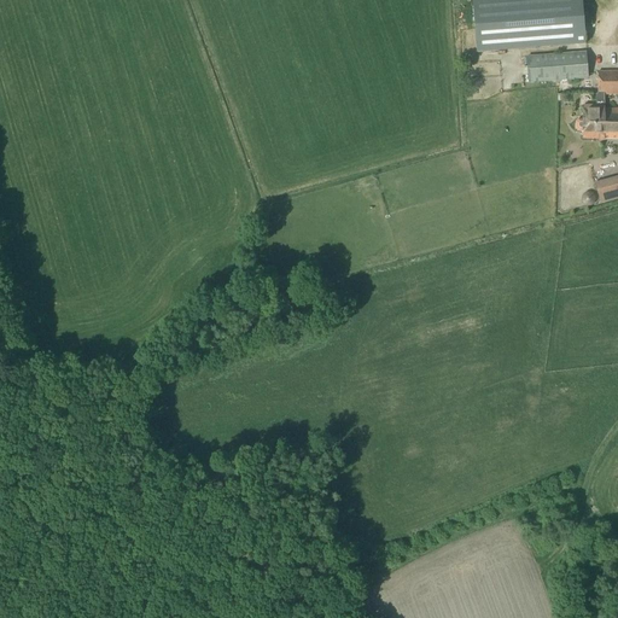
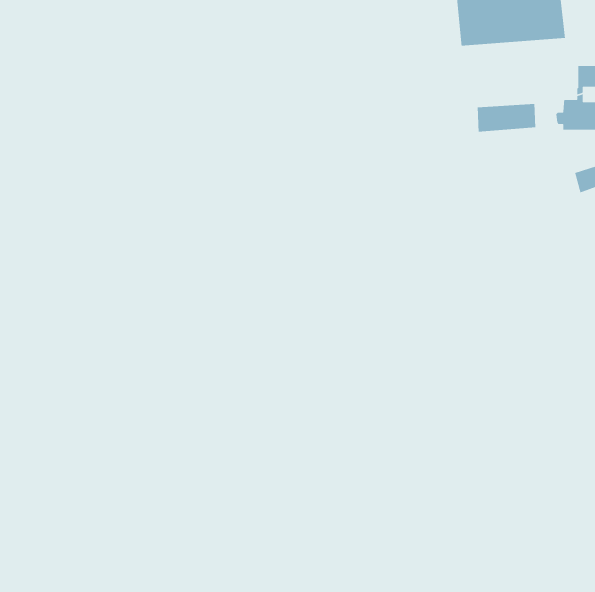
building: [527,49,589,80] -> [477,103,536,132]

